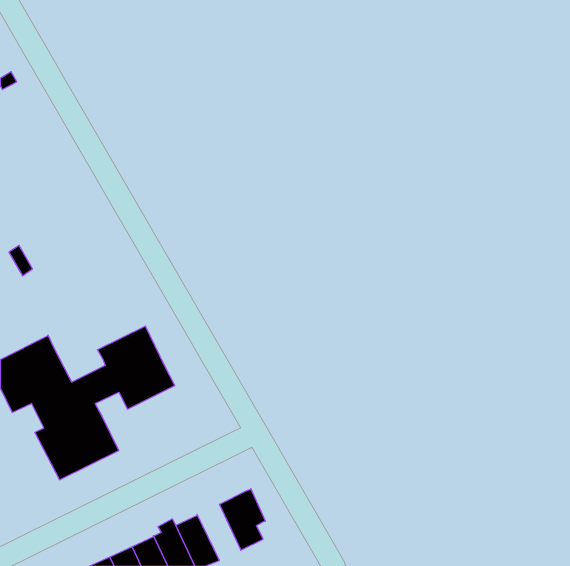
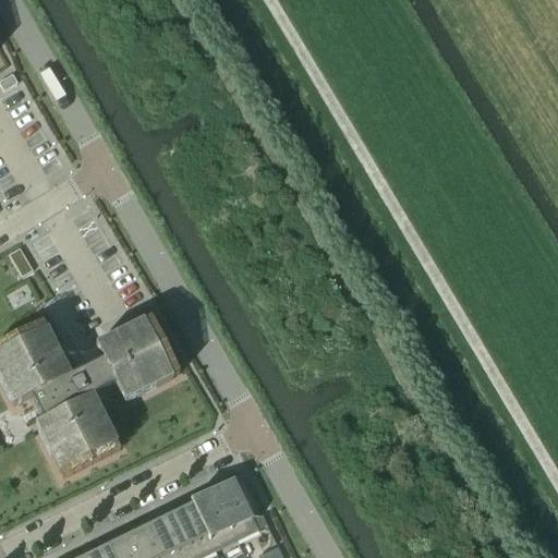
building: none -> [194,490,236,545]

